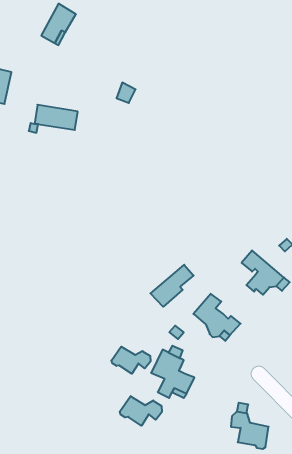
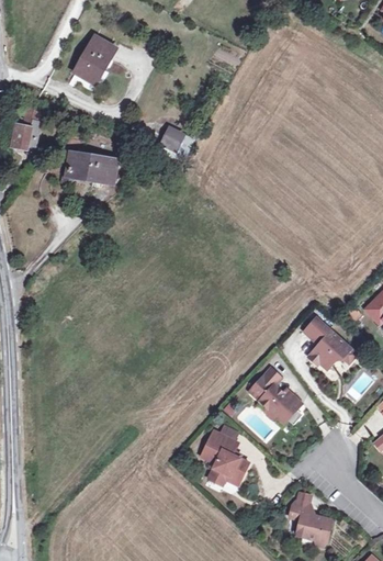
building: [150,265,194,307] -> none
building: [111,347,150,374] -> none
building: [120,396,162,426] -> none

